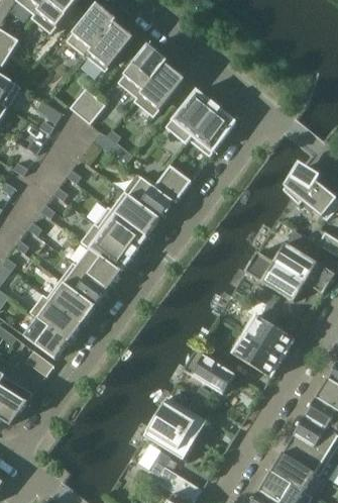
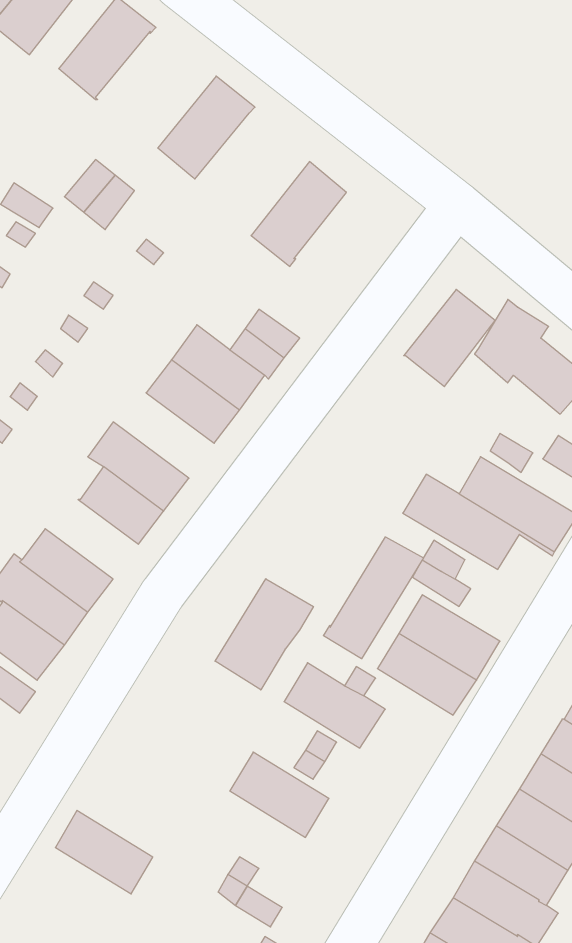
building: [85,21,132,72] -> none
building: [133,64,184,117] -> none
building: [188,105,235,156] -> [404,289,495,387]
building: [94,206,146,254] -> none
building: [59,262,107,306] -> none
building: none -> [323,537,423,659]
building: none -> [215,579,313,690]
building: [143,416,194,460] -> [55,810,153,894]

